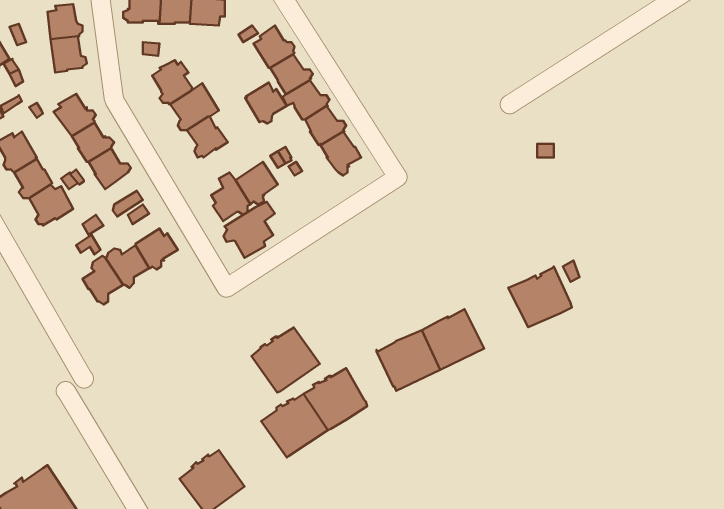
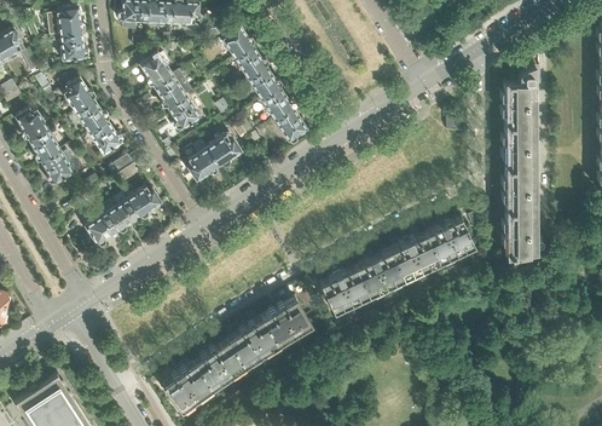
building: none -> [504,65,536,257]
building: [245,83,287,124] -> none
building: [223,202,275,258] -> none
building: none -> [389,234,440,282]
building: [252,327,320,393] -> [193,340,248,392]

